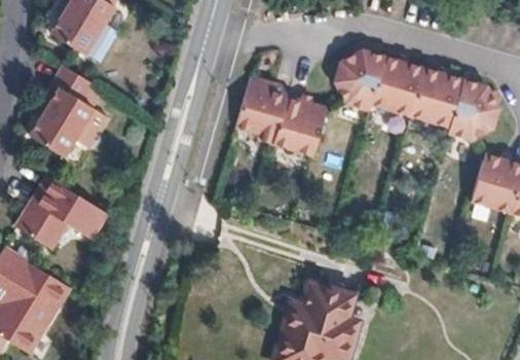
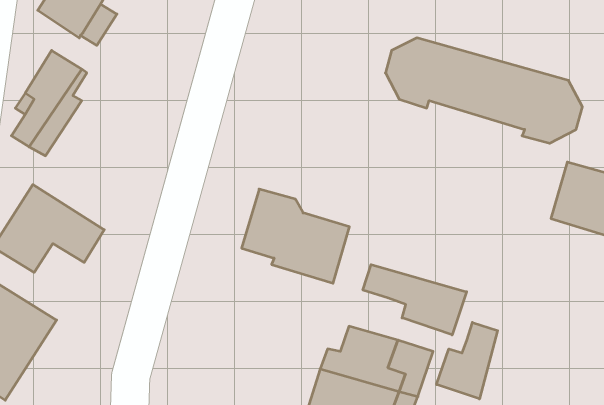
building: [239,78,328,155] -> [242,189,349,283]
building: [58,104,104,153] -> none
building: none -> [363,265,467,335]
building: none -> [437,322,498,399]

